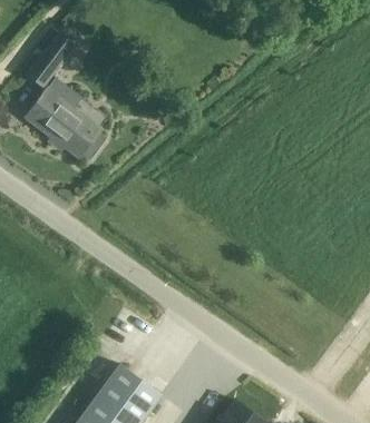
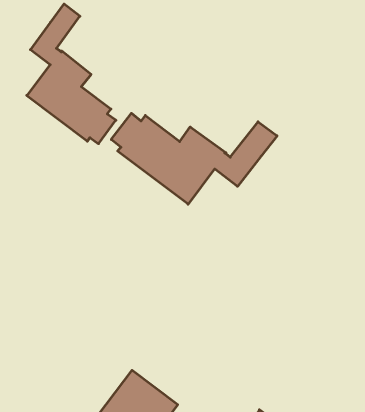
building: none -> [111,113,277,204]

